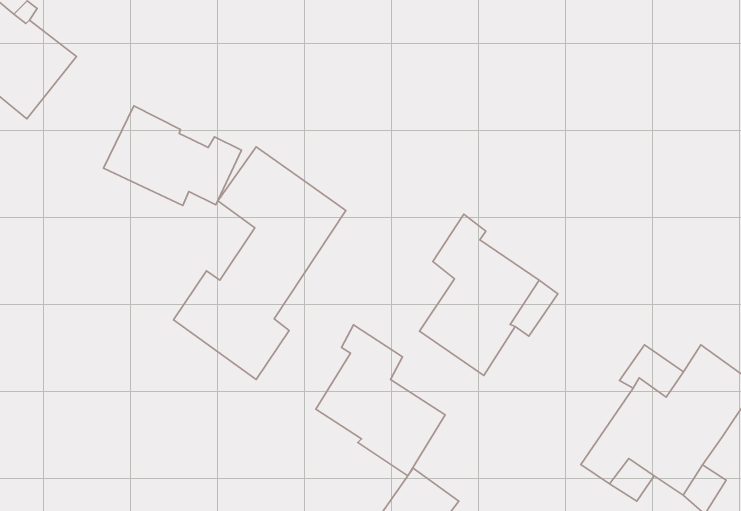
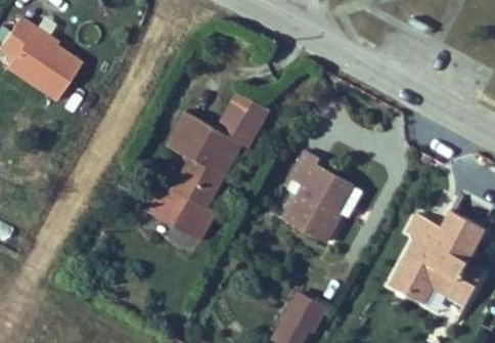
building: [104,106,242,205] -> none
building: none -> [217,95,268,149]
building: [316,325,445,476] -> none

